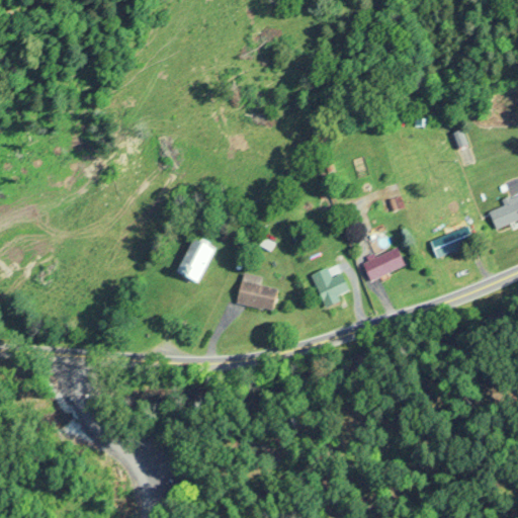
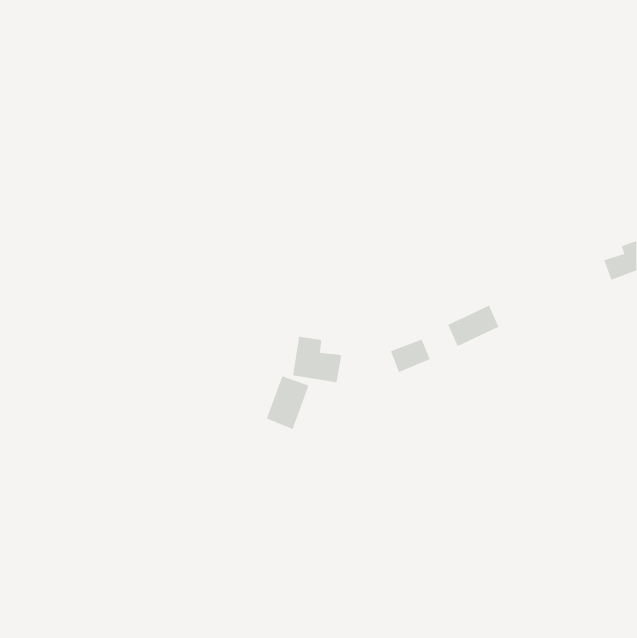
building: [430,231,463,258] -> none
building: [178,239,213,283] -> [266,375,309,430]

